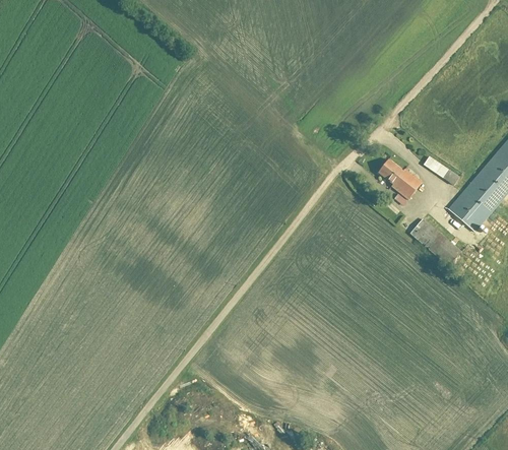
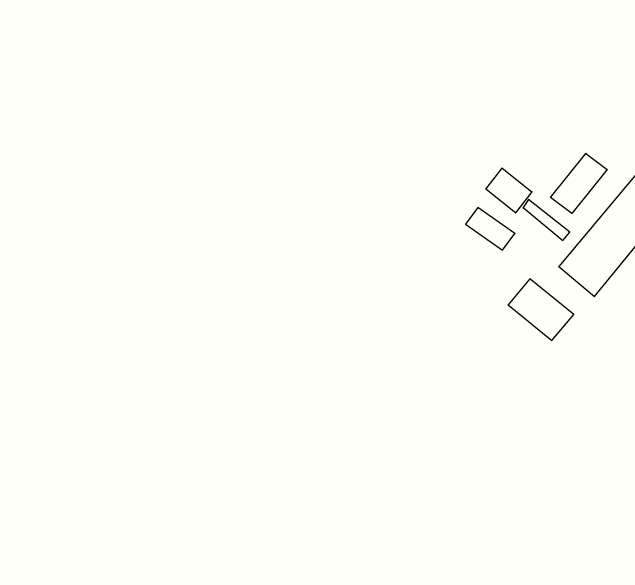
building: none -> [551,153,607,213]
building: none -> [486,168,532,213]

